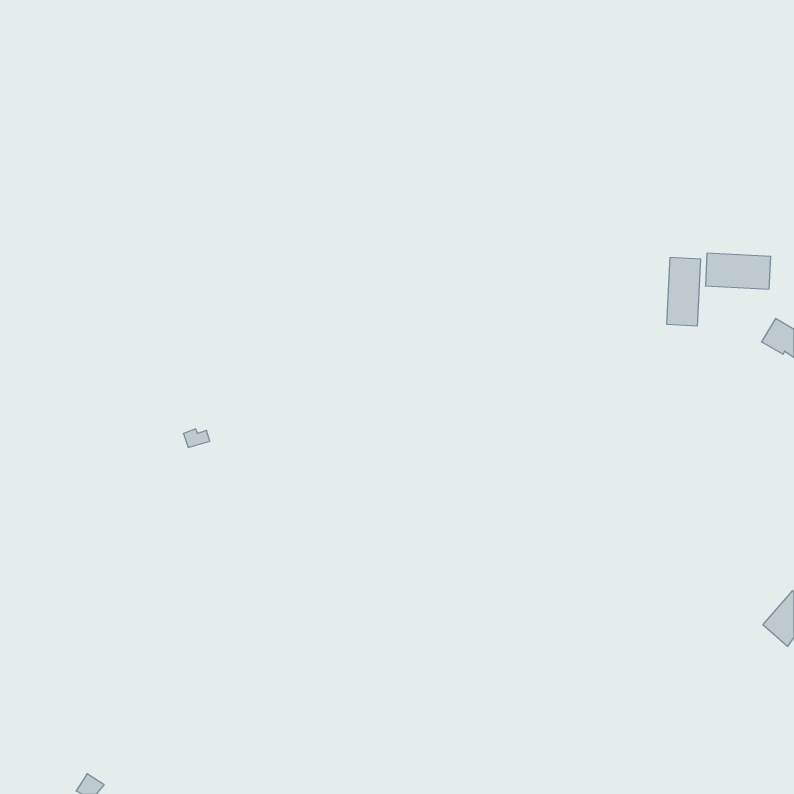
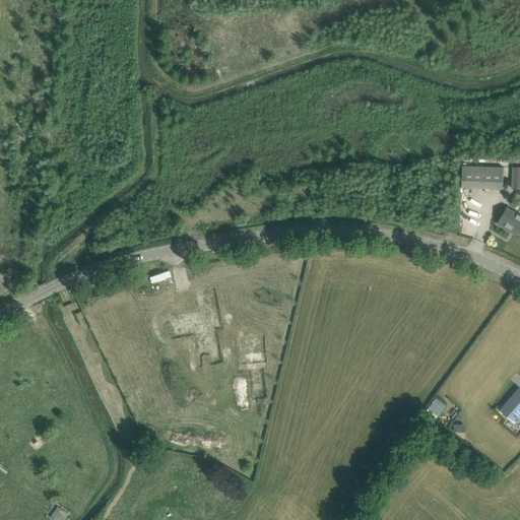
building: [667,257,701,326] -> none

